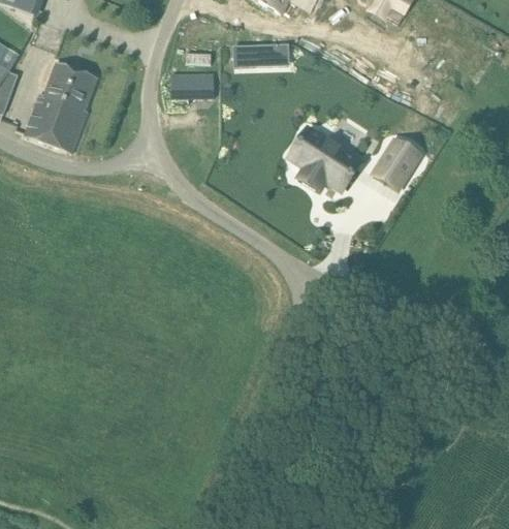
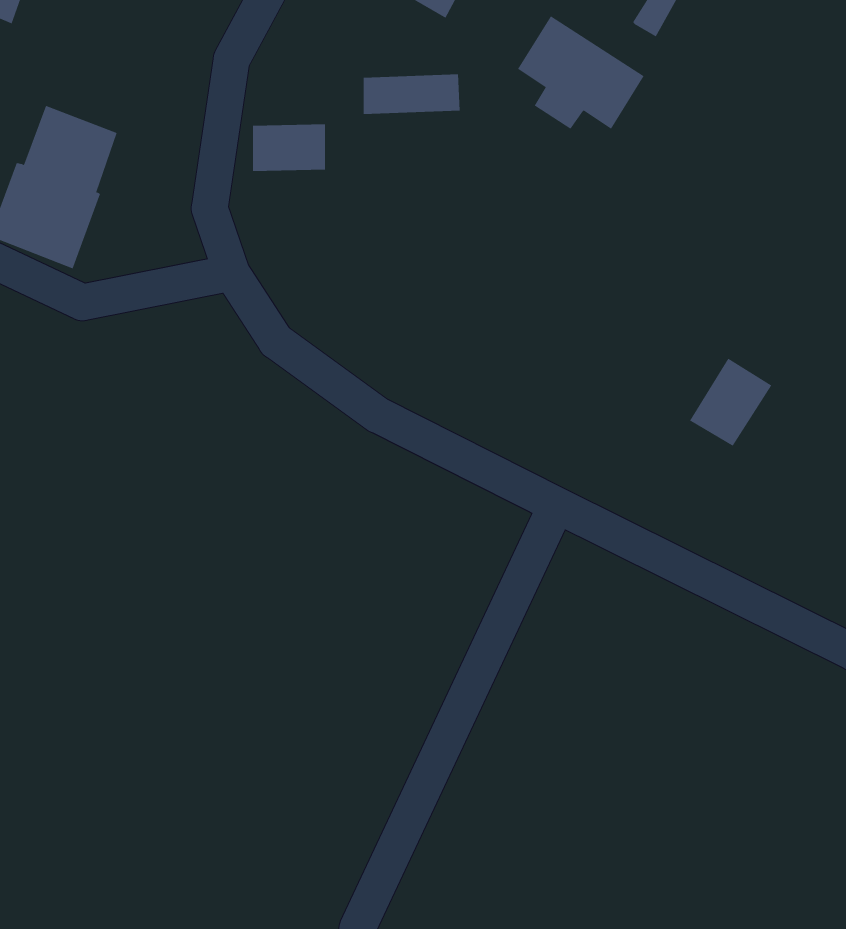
building: [289,126,360,190] -> [517,15,645,130]
building: [374,138,420,188] -> [689,358,772,446]

